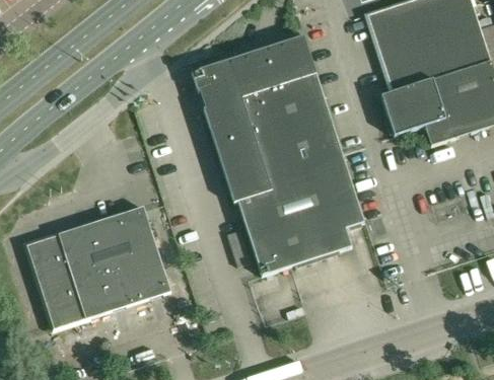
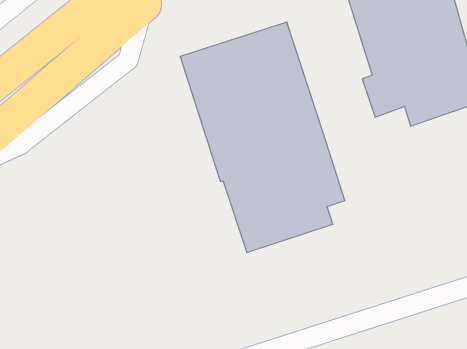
building: [25,205,170,327] -> none

